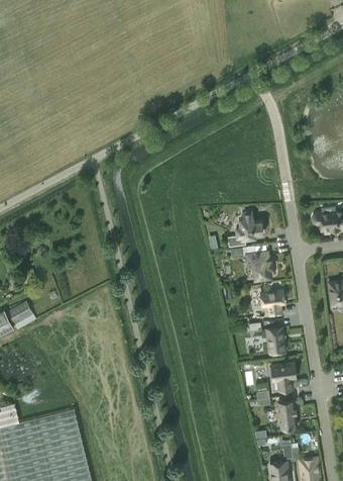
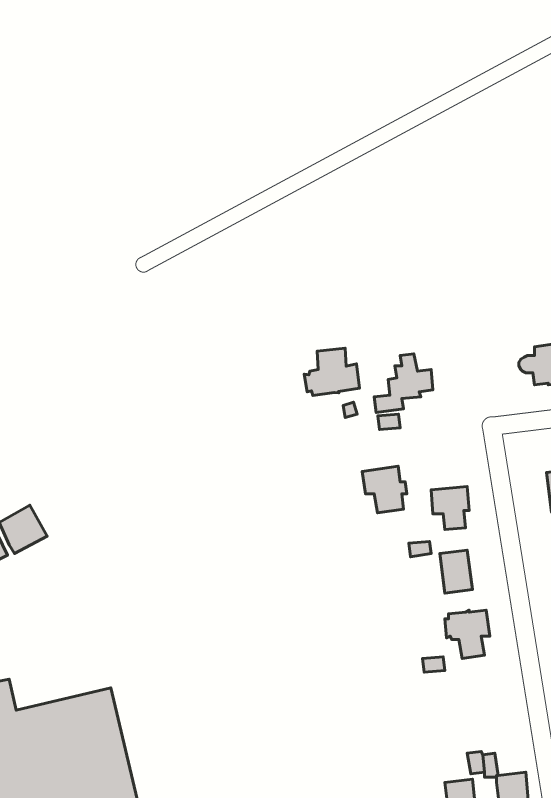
building: none -> [304,348,360,396]
building: [246,251,272,278] -> [362,466,407,513]
building: [277,399,297,427] -> none

